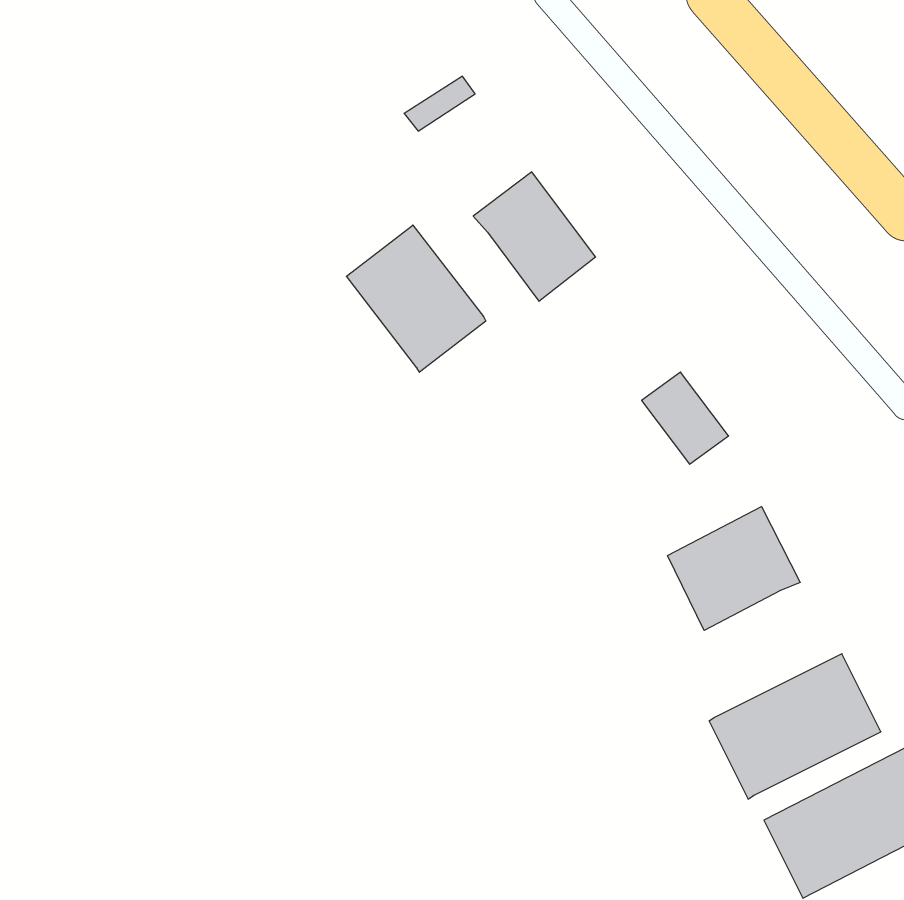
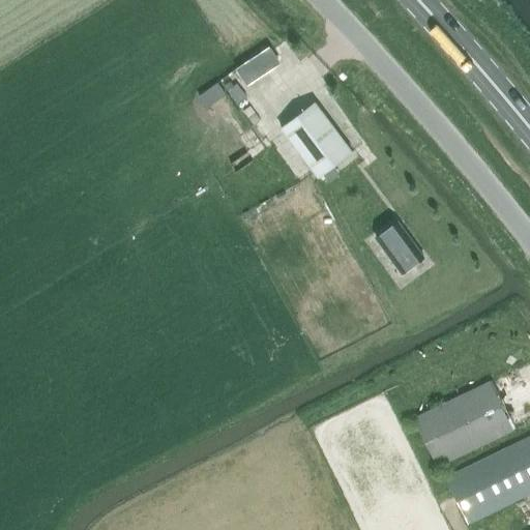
building: [346,225,486,372] -> none
building: [667,507,800,630] -> none

